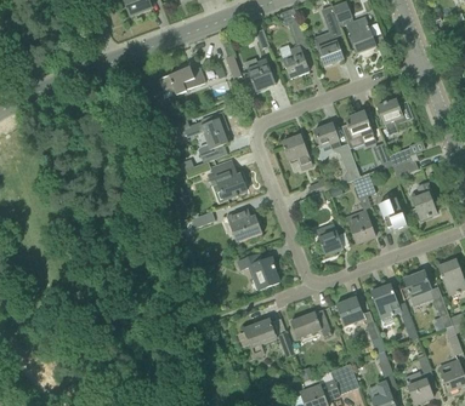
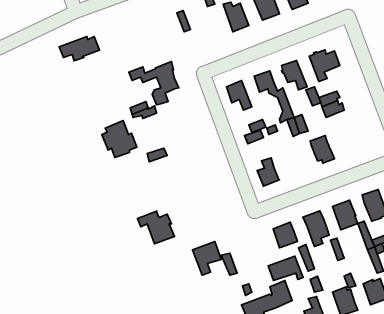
building: [246,58,276,91] -> none
building: [159,65,205,93] -> [59,36,100,61]
building: [206,159,246,201] -> [102,121,137,158]
building: [410,182,436,218] -> none
building: [227,206,262,241] -> none
building: [347,210,375,242] -> none
building: [237,252,279,290] -> [138,211,175,244]
building: [290,309,330,337] -> [268,256,303,281]

